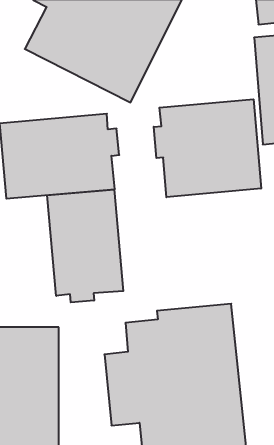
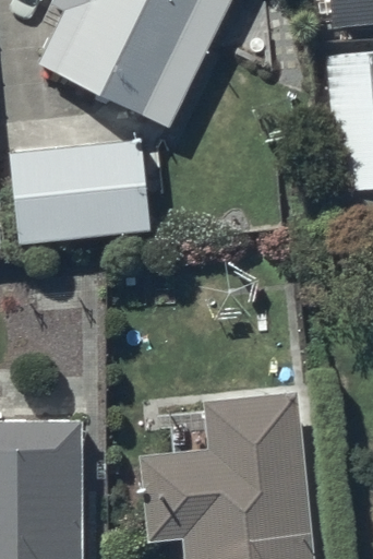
building: [154,99,261,197] -> none
building: [47,190,123,302] -> none

